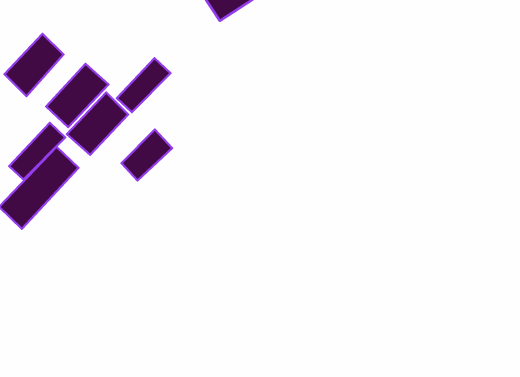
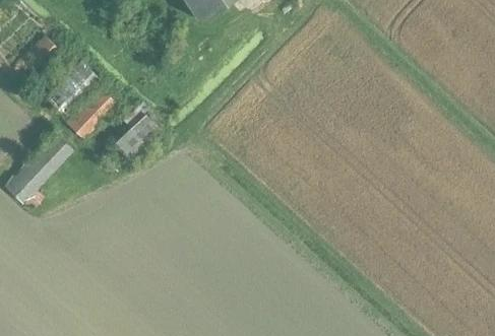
building: [117,58,171,112] -> none
building: [9,123,65,180] -> none

